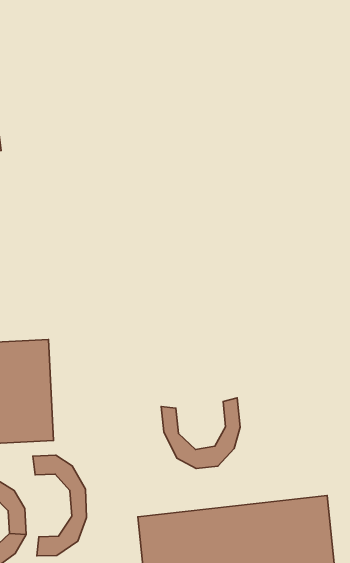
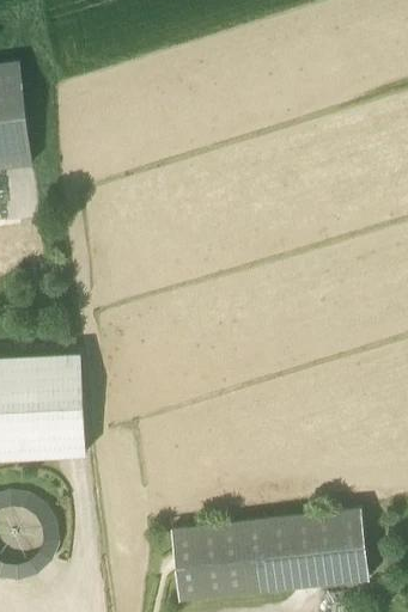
building: [161,398,240,468] -> none
building: [33,455,86,556] -> none

